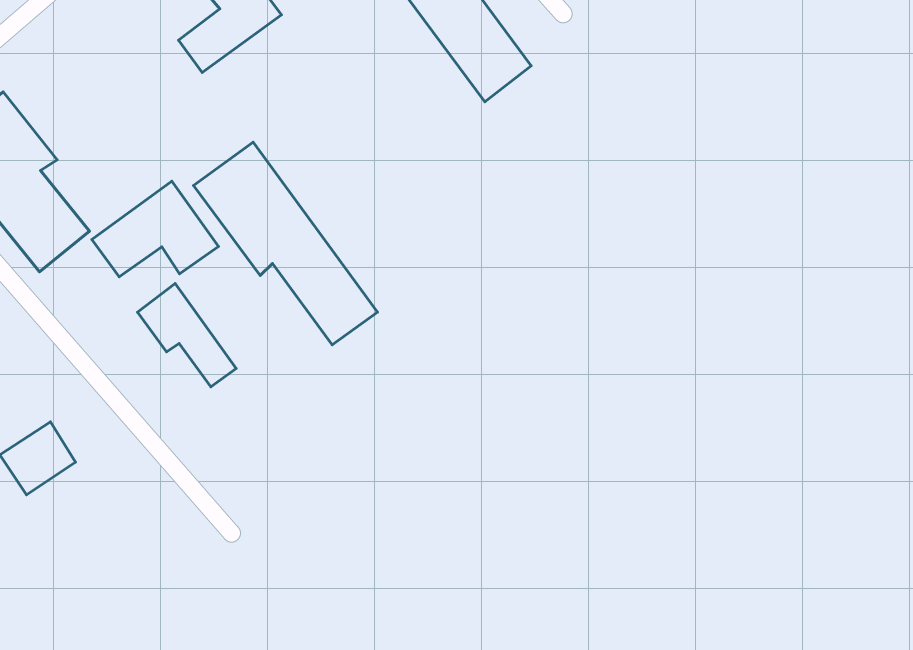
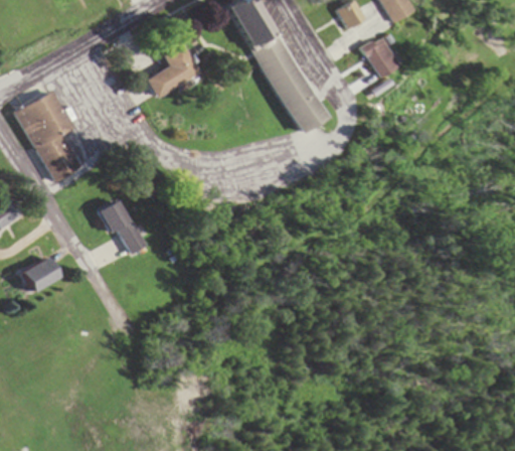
building: [193,142,378,345] -> none
building: [92,181,218,277] -> none

